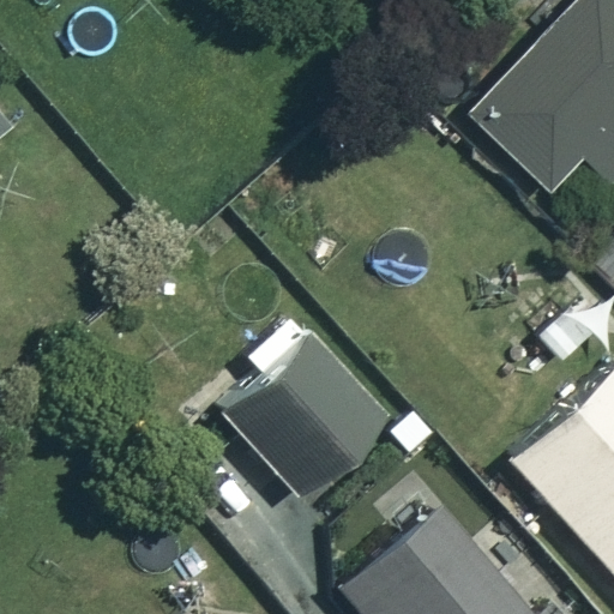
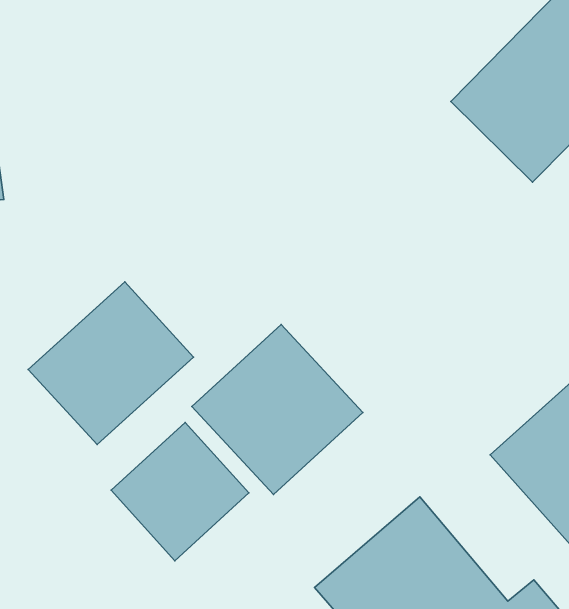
building: none -> [28,282,194,445]
building: none -> [111,422,249,561]

